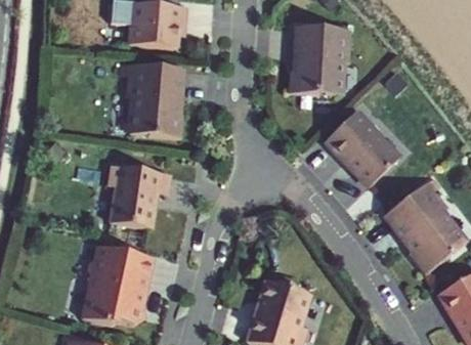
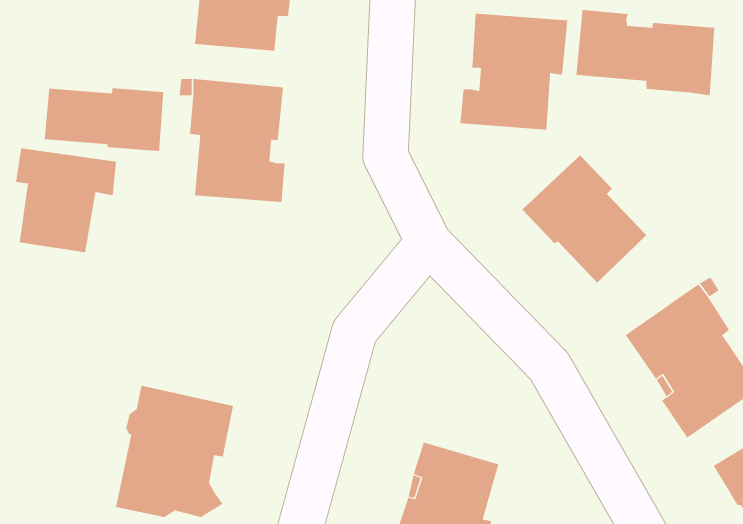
building: none -> [576,9,715,96]
building: none -> [44,87,164,152]
building: [109,165,169,227] -> [15,148,117,253]

